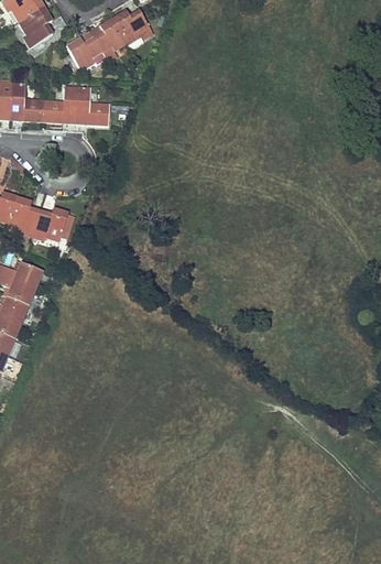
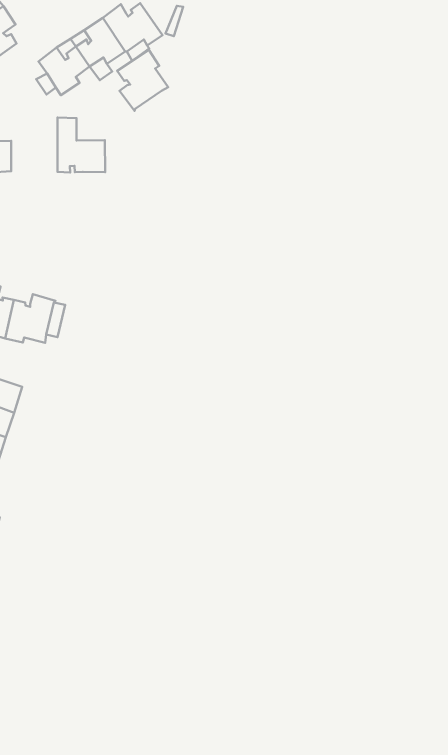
building: none -> [117,50,168,111]
building: [43,85,77,122] -> none

